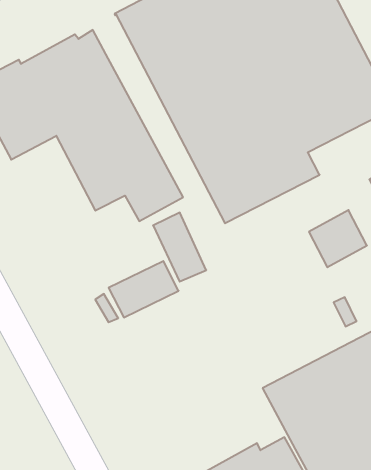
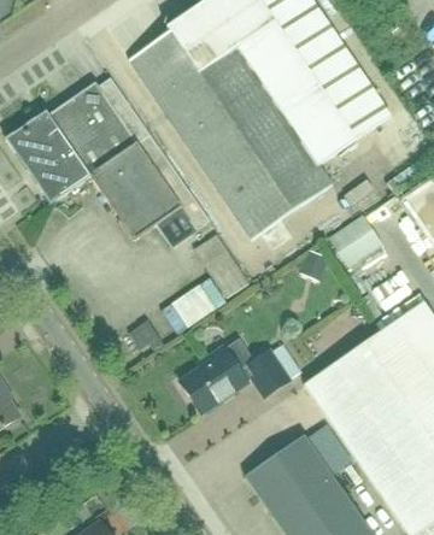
building: none -> [180,337,289,412]

